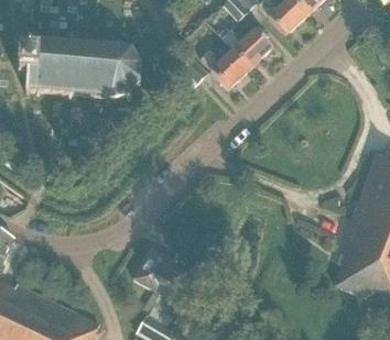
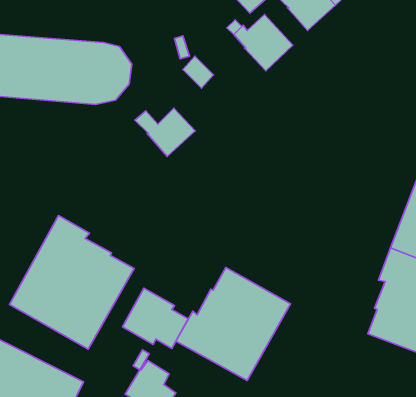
building: [202,48,251,88] -> [135,108,195,156]
building: none -> [9,216,134,349]
building: none -> [176,267,290,380]

